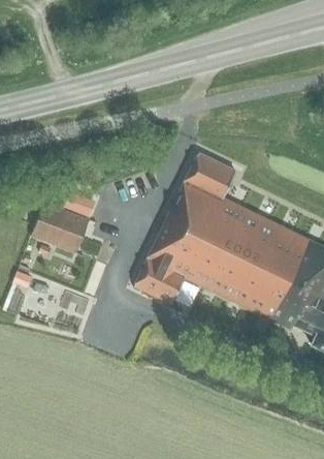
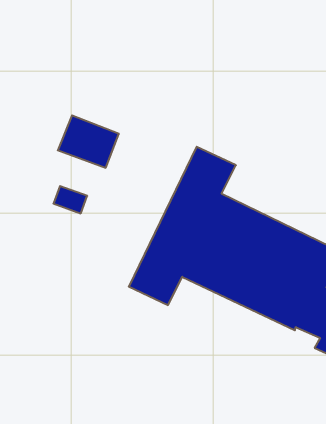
building: [29,202,87,251] -> [58,115,119,168]

